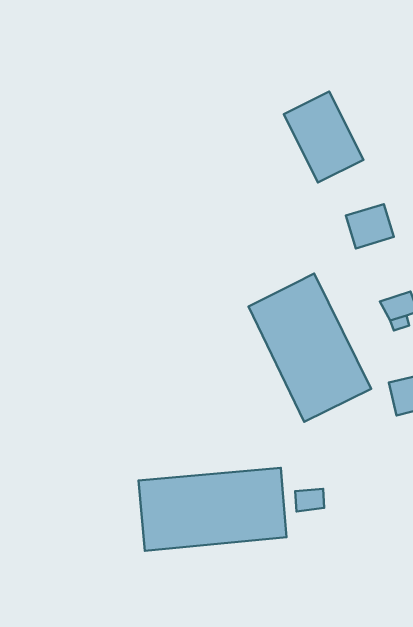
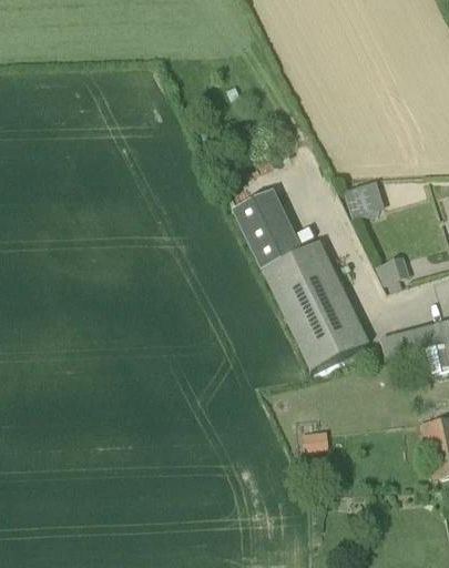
building: [284,91,363,183] -> [232,190,302,270]
building: [138,468,287,551] -> none

